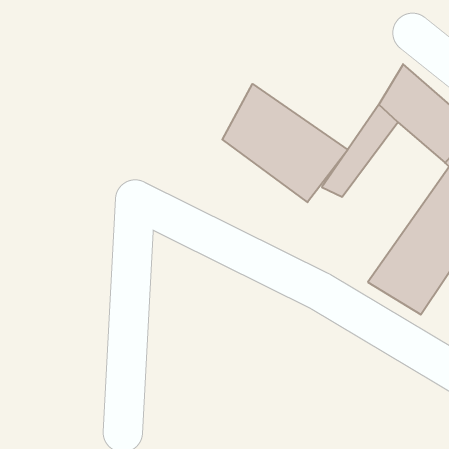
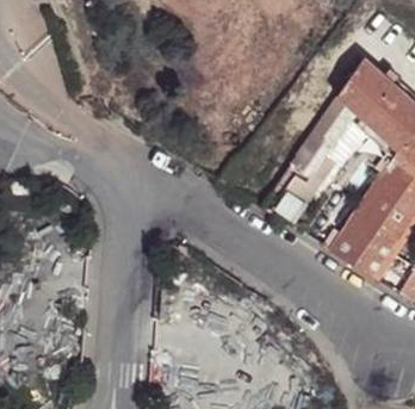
building: [222,84,348,202] -> none

